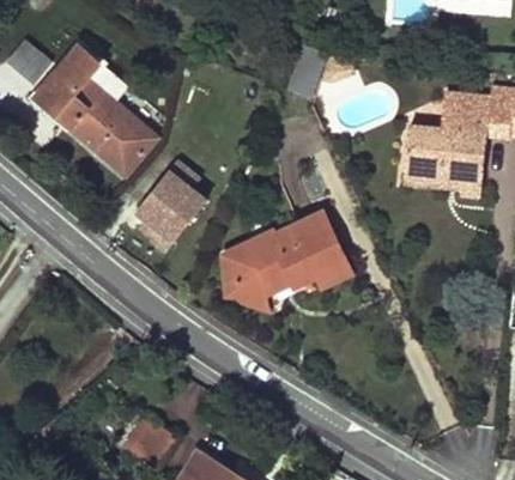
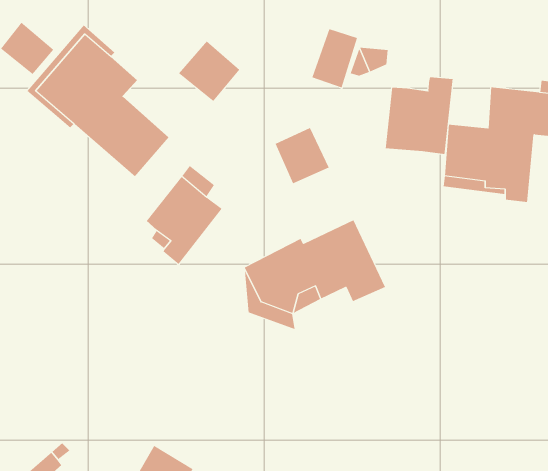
building: none -> [178,40,240,102]
building: none -> [385,77,453,155]
building: none -> [275,127,329,184]

